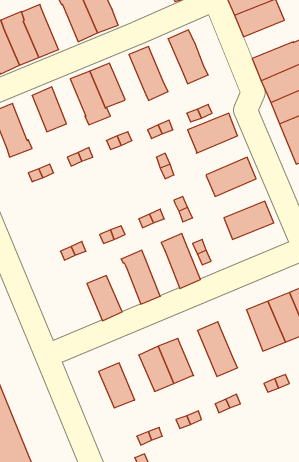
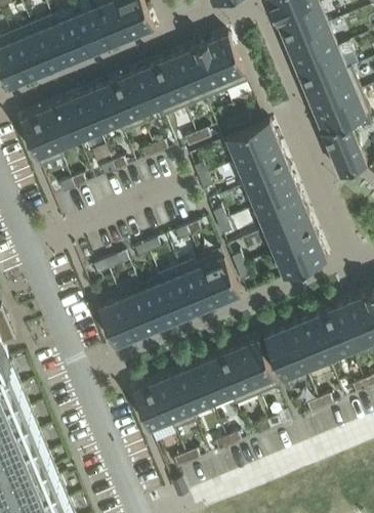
building: none -> [74,10,111,57]
building: none -> [284,27,336,67]
building: none -> [184,46,225,101]
building: none -> [143,62,184,119]
building: none -> [83,88,119,135]
building: none -> [42,105,78,153]
building: none -> [230,147,288,190]
building: none -> [254,193,306,233]
building: none -> [273,239,326,281]
building: none -> [177,259,217,315]
building: none -> [137,281,176,332]
building: none -> [98,302,136,349]
building: none -> [263,330,304,383]
building: none -> [215,351,256,408]
building: none -> [154,377,196,433]

